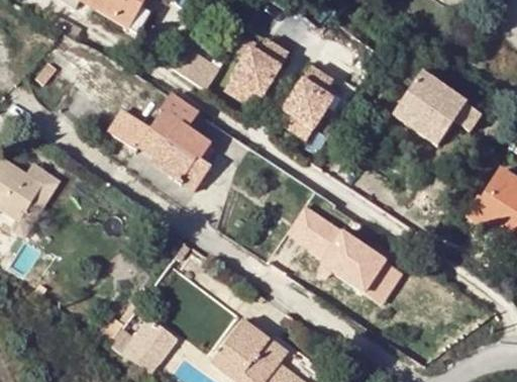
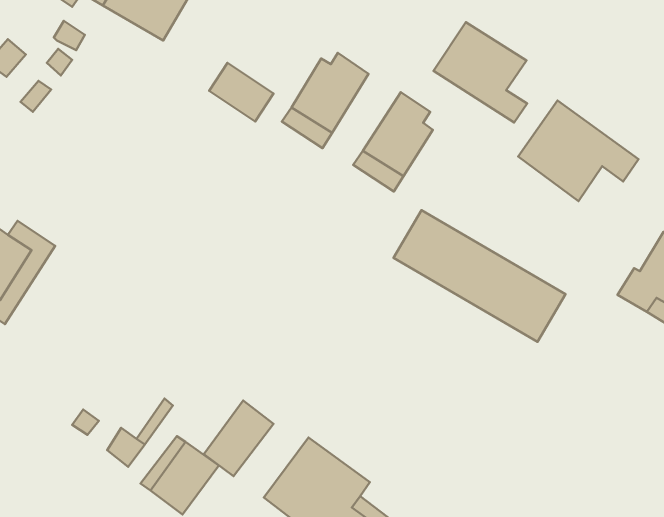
building: none -> [433,22,527,122]
building: [109,93,210,187] -> none
building: [281,206,405,301] -> [393,210,565,342]
building: none -> [204,401,273,476]

